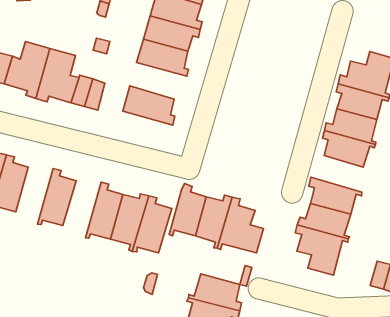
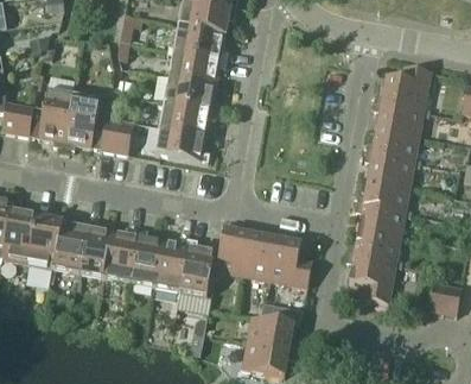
building: none -> [160,100,218,134]
building: none -> [357,178,413,213]
building: none -> [55,218,89,278]
building: none -> [104,227,140,288]

